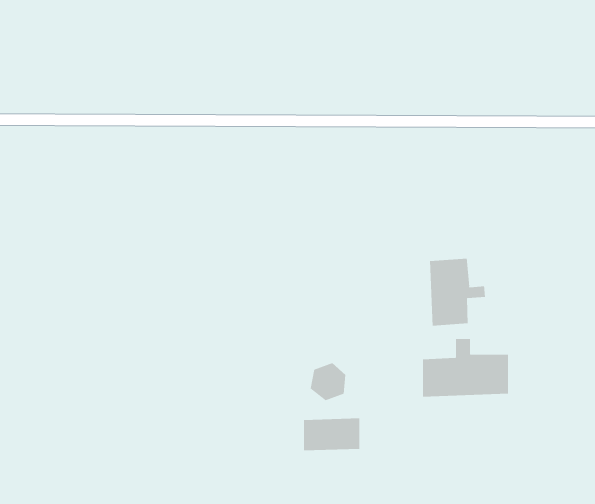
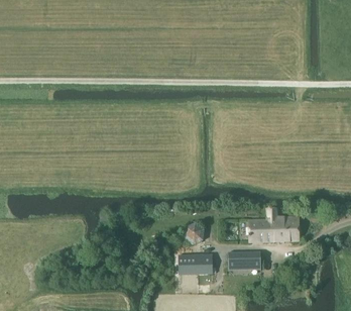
building: [429,258,486,327] -> none
building: none -> [228,251,260,269]

